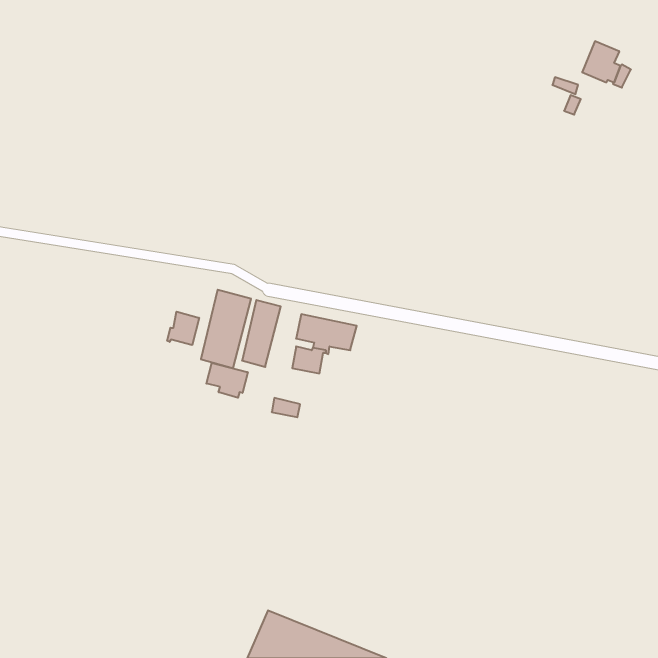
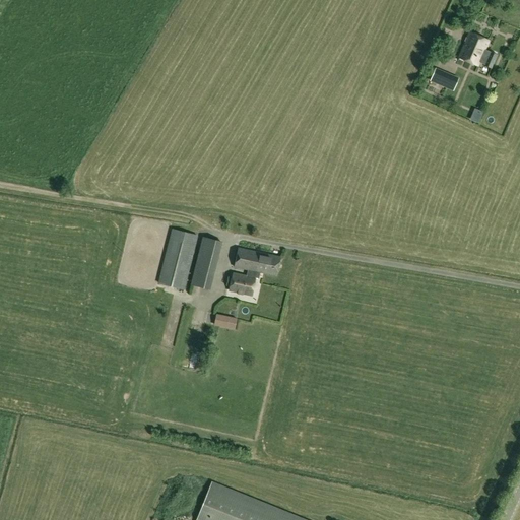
building: [167,312,199,345] -> none
building: [206,363,248,398] -> none

